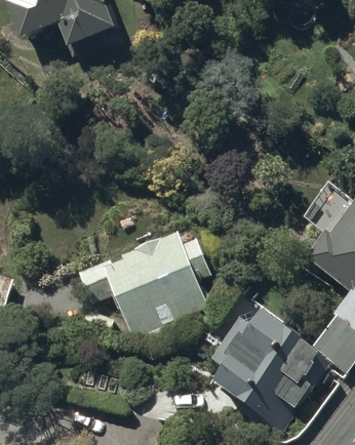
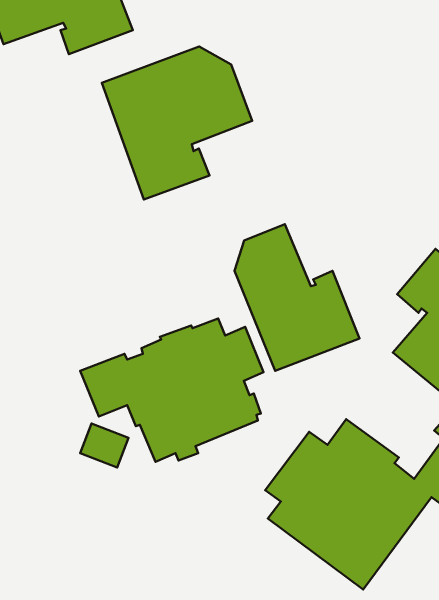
building: none -> [102,47,252,200]
building: none -> [234,224,360,371]

